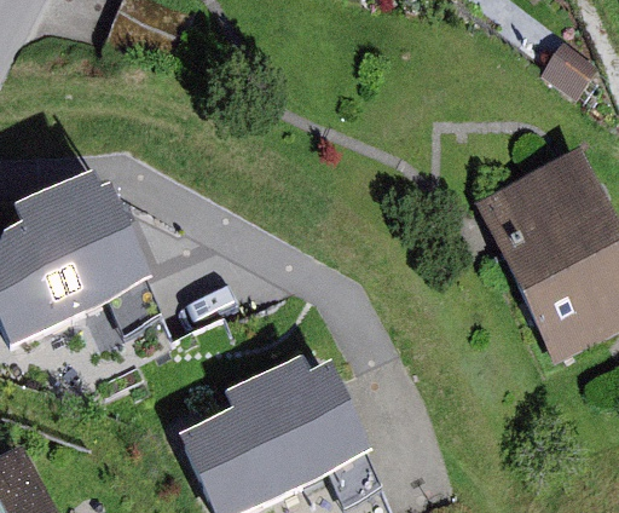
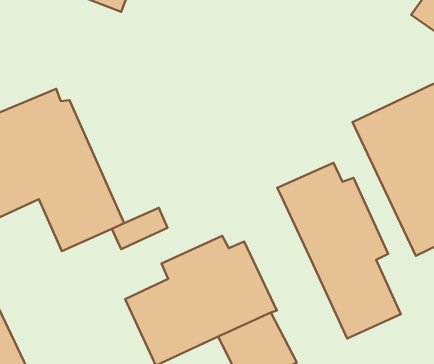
building: none -> [277,163,401,339]

